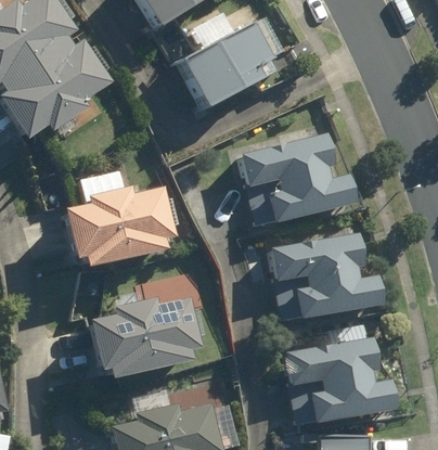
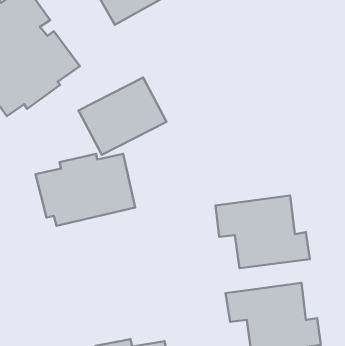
building: [177,21,280,112] -> [79,77,166,155]
building: [241,134,355,222] -> none
building: [88,294,201,381] -> none

